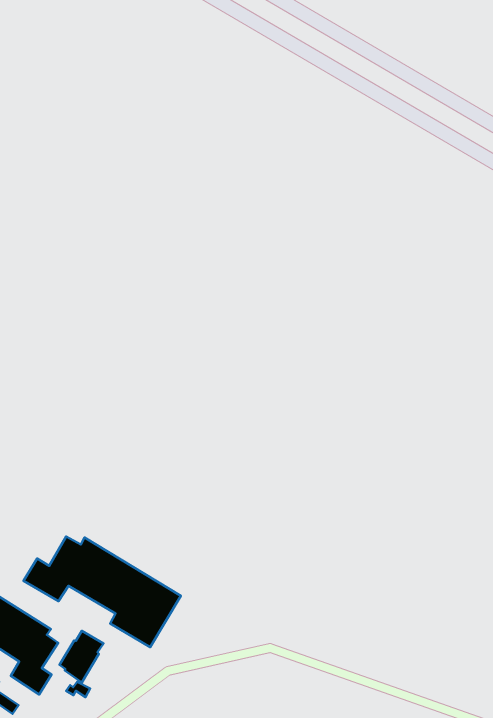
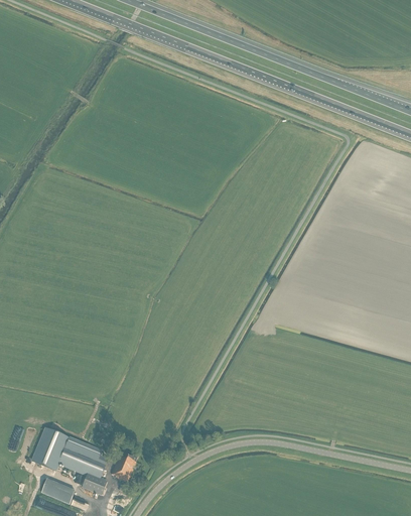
building: [24,537,181,647] -> none

